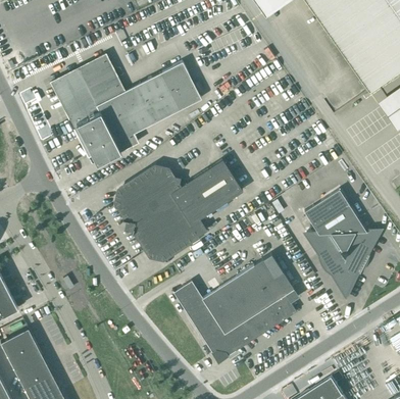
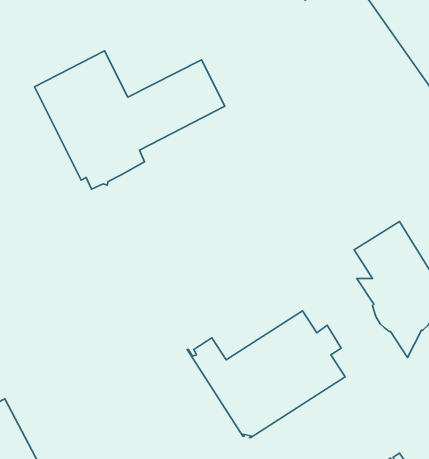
building: [115,160,242,260] -> none

